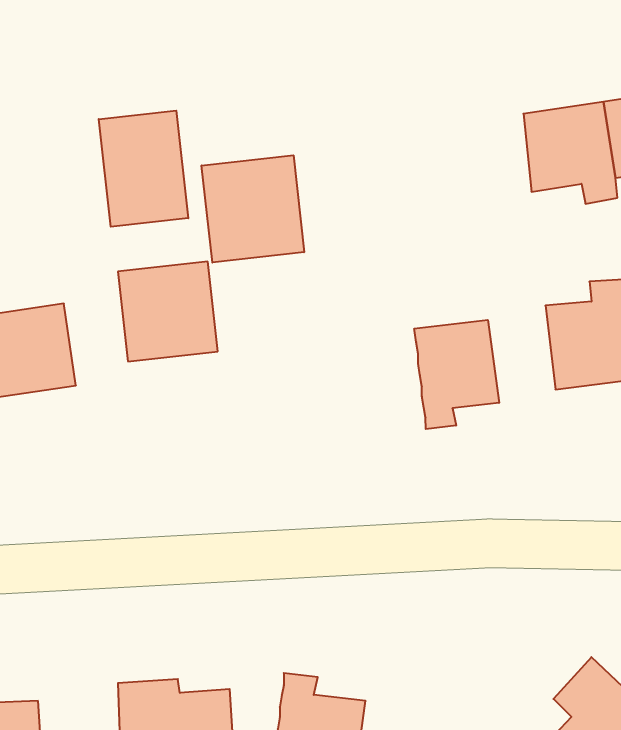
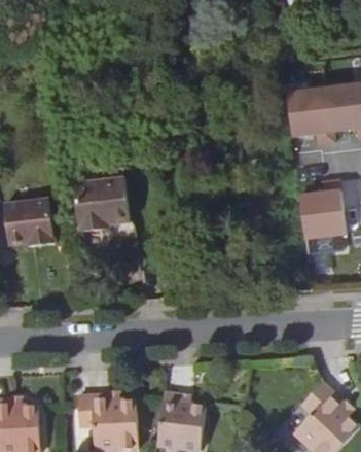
building: [99,111,188,227] -> none
building: [202,155,304,263] -> none
building: [414,320,499,429] -> none

